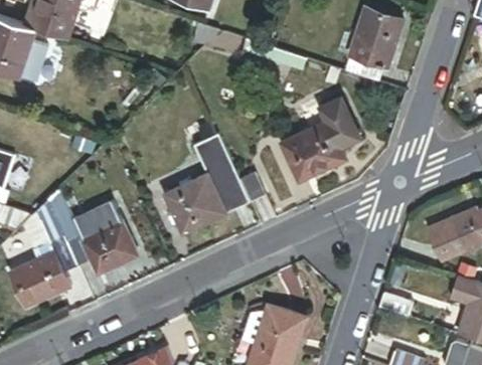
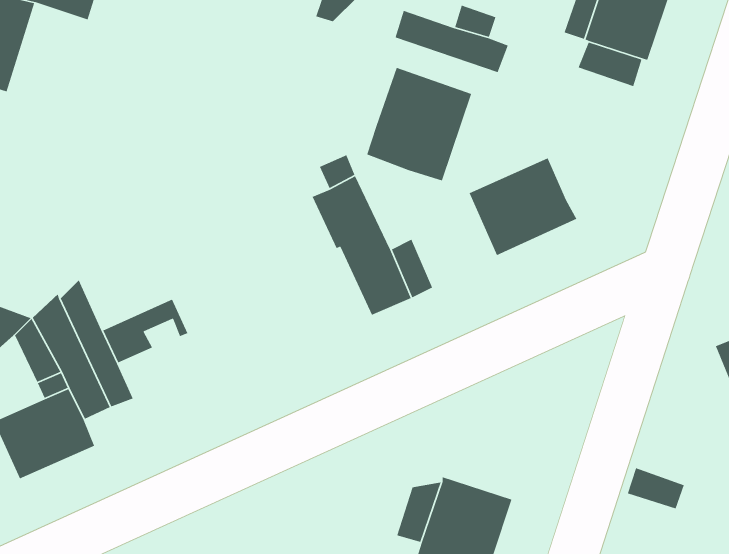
building: none -> [366,67,472,181]
building: [322,97,360,145] -> none
building: [166,172,228,232] -> none
building: [84,213,138,271] -> none

